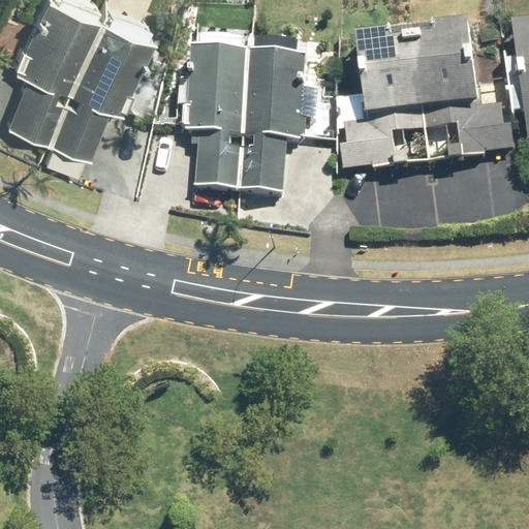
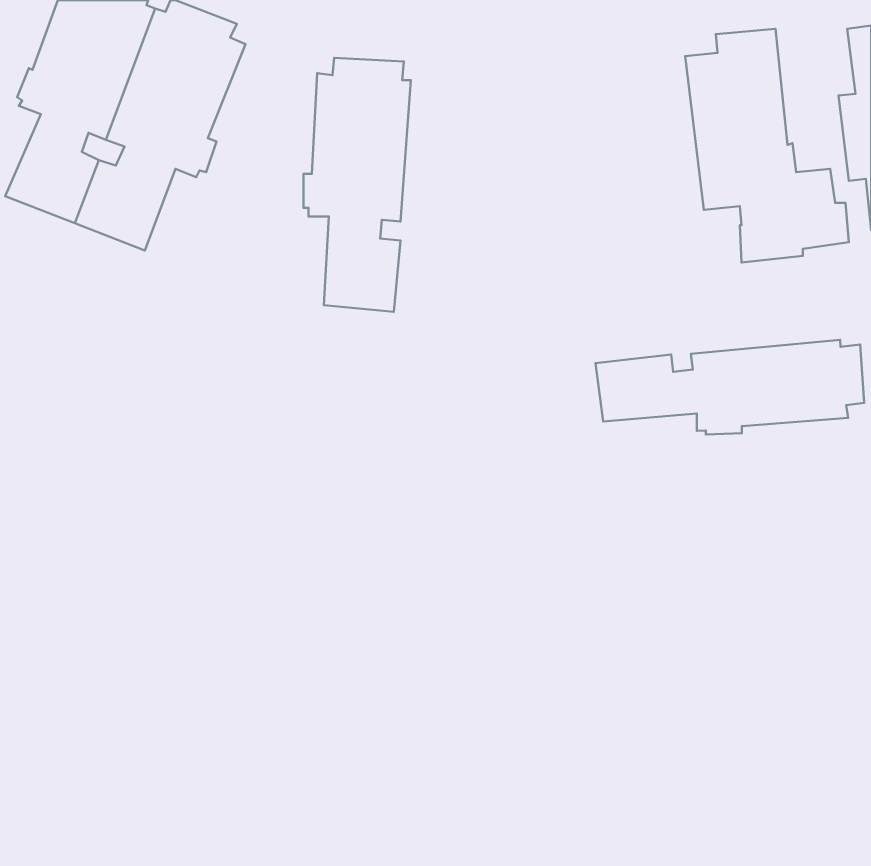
building: [341,30,427,170] -> none
building: [239,41,307,195] -> none
building: none -> [596,340,864,435]

